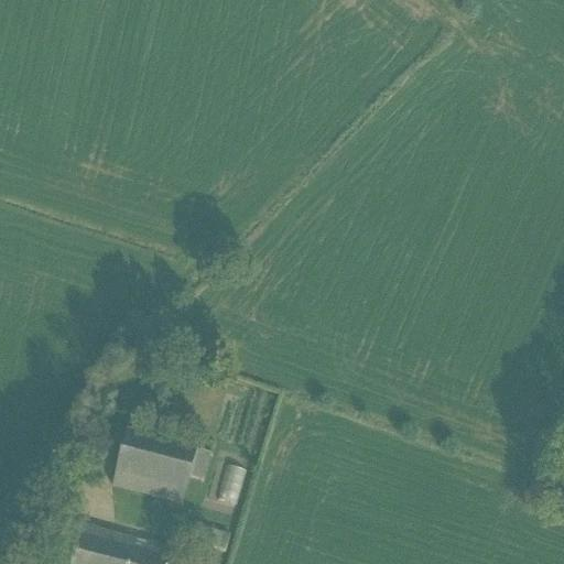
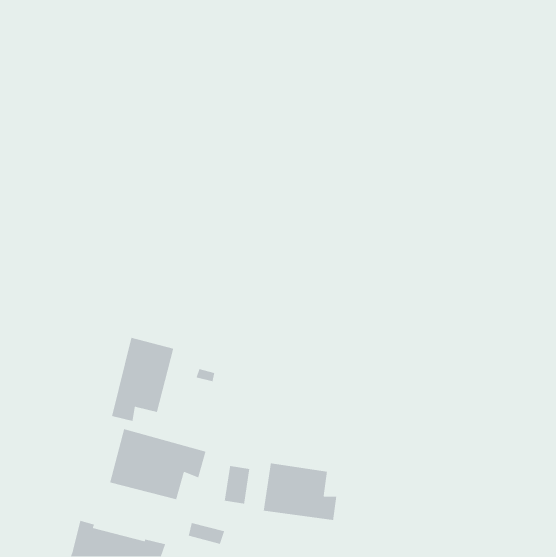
building: none -> [111,337,174,422]
building: none -> [263,462,337,521]

